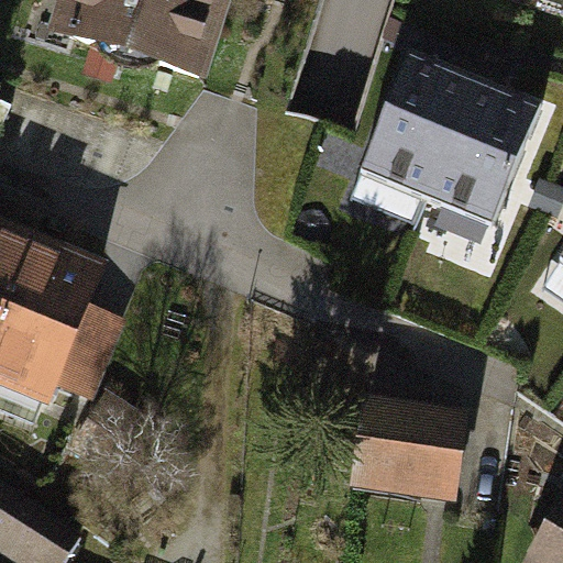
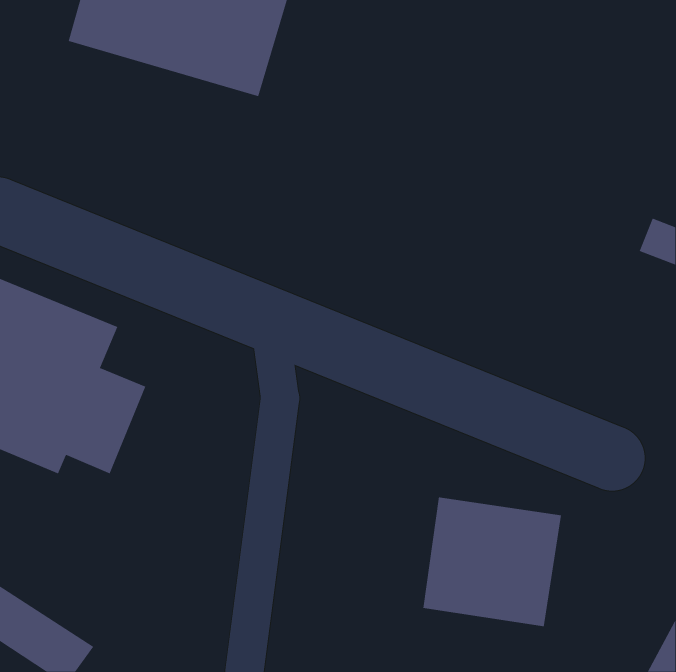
building: [356,48,538,225] -> none

